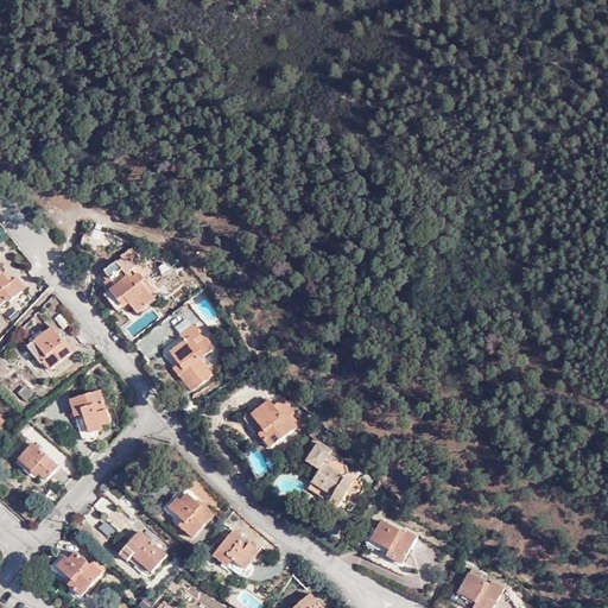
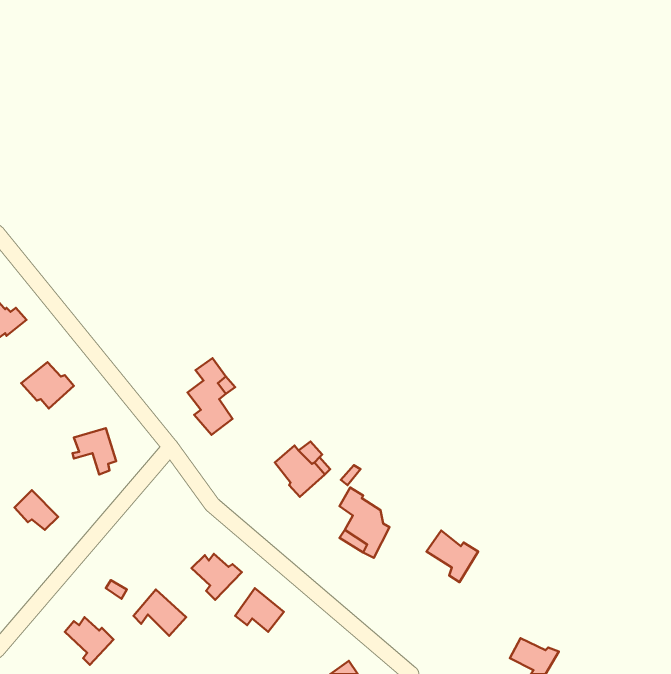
building: [102,255,157,309] -> none
building: [369,522,416,569] -> [427,530,478,582]

